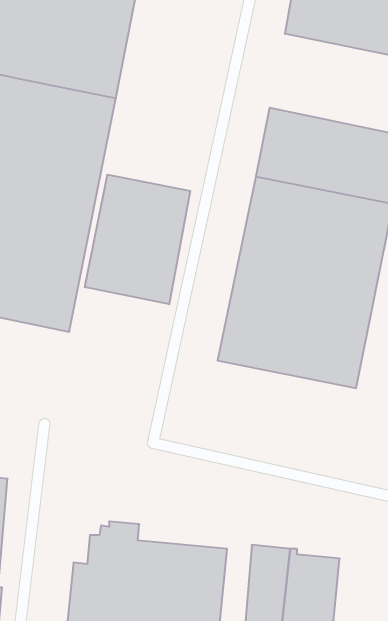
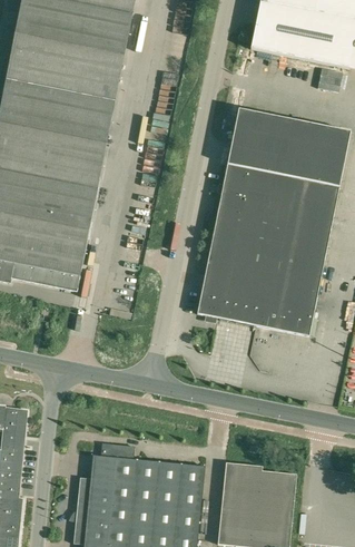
building: [85,175,190,304] -> none

